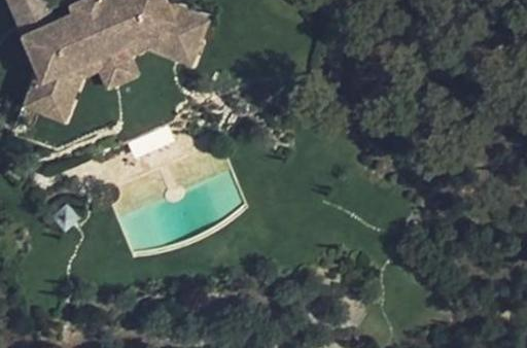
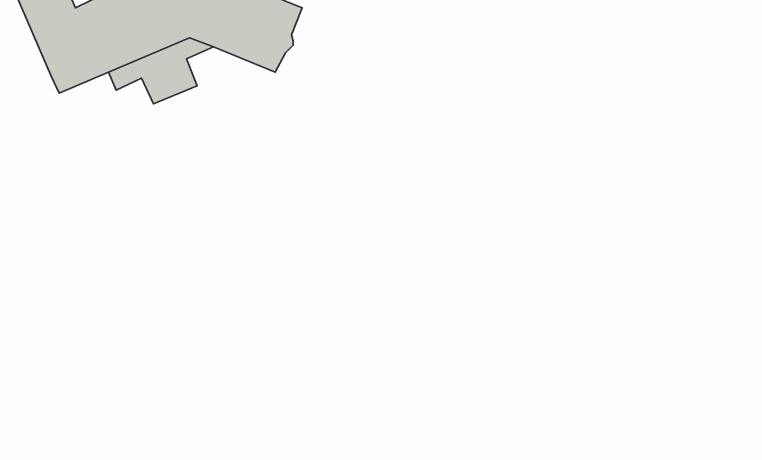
building: [23,66,80,120] -> none

